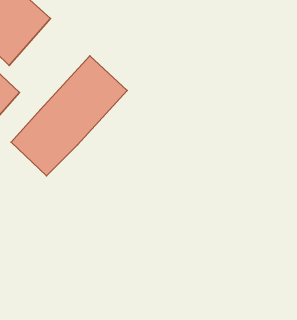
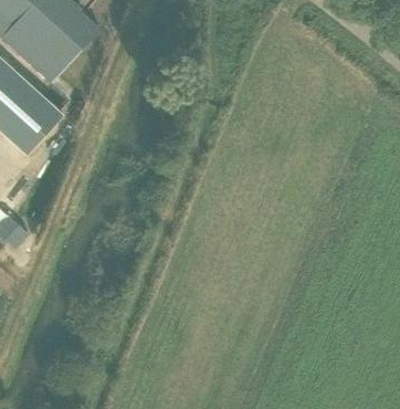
building: [11,56,127,176] -> none

